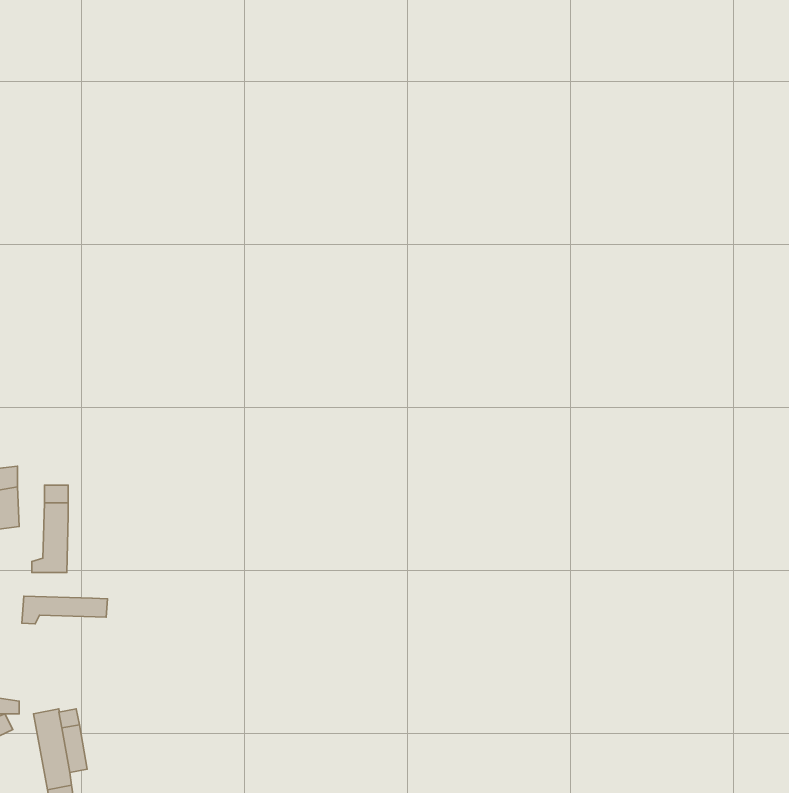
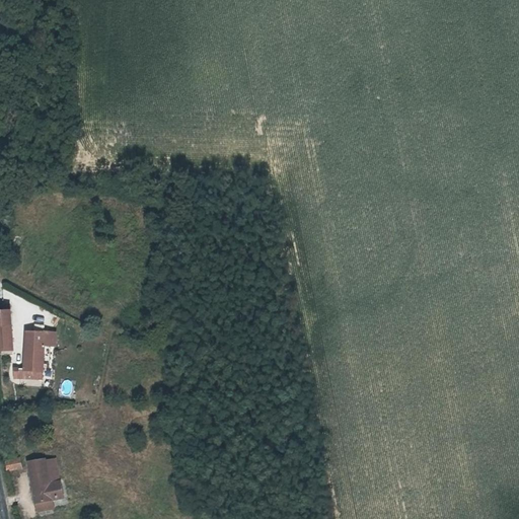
building: [22,596,108,624] -> none

